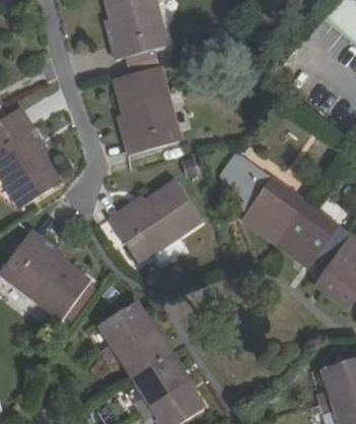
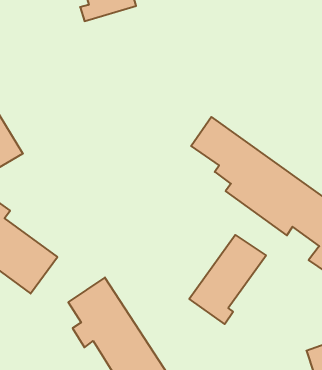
building: [116,65,179,153] -> none
building: [108,181,200,259] -> none
building: none -> [189,235,266,324]

